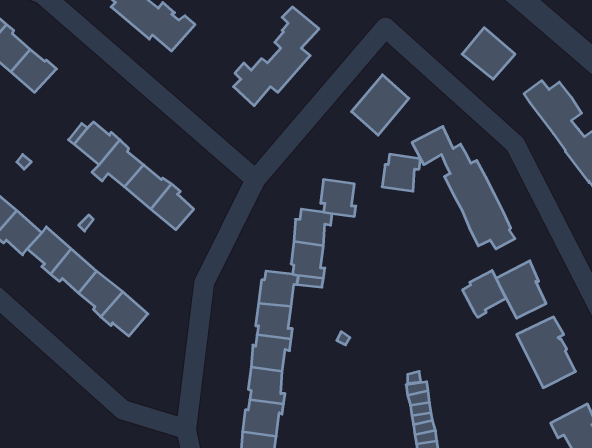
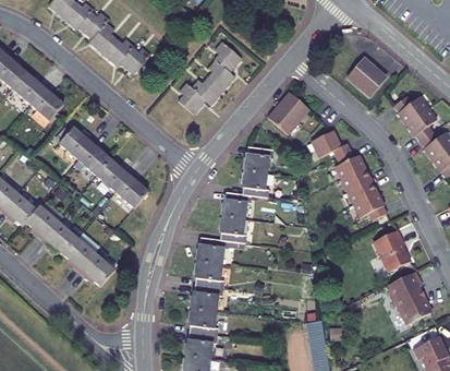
building: none -> [32,87,64,121]
building: [382,154,420,191] -> [245,145,273,172]
building: [463,270,506,317] -> none

